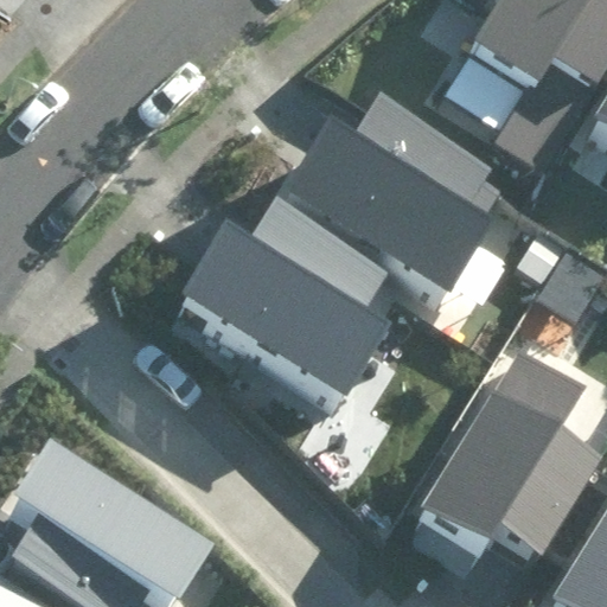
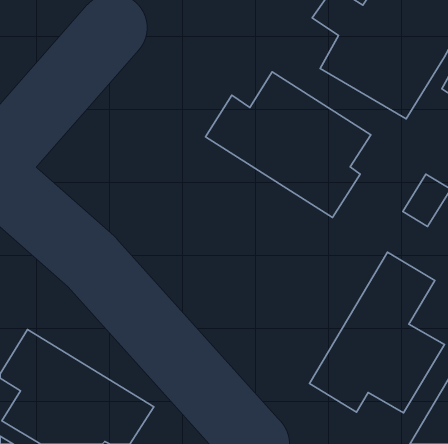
building: [181,198,395,405] -> none

